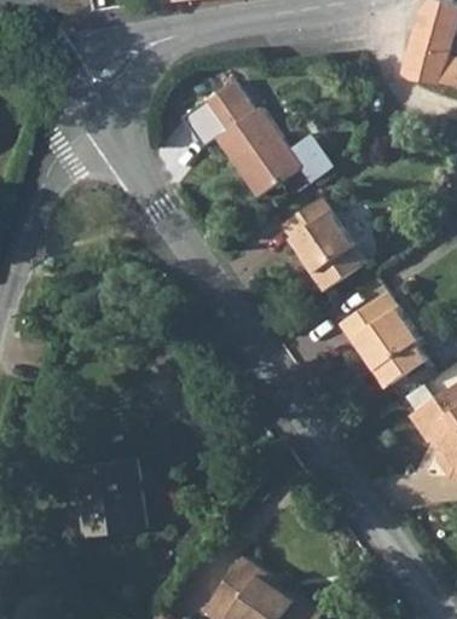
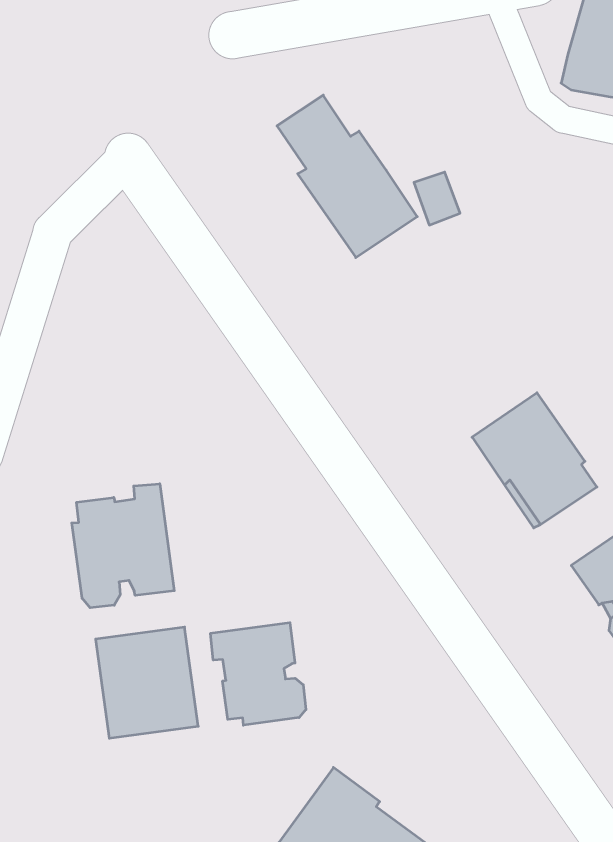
building: [278,197,363,291] -> none
building: none -> [72,484,174,608]
building: none -> [211,623,306,725]

